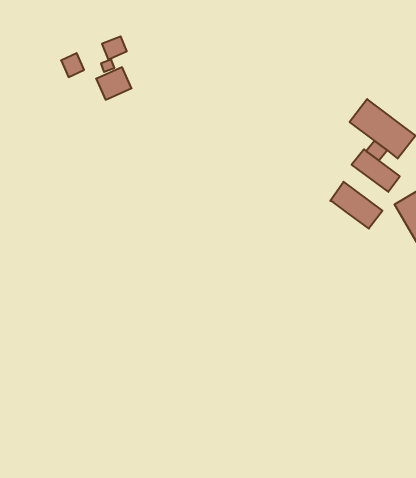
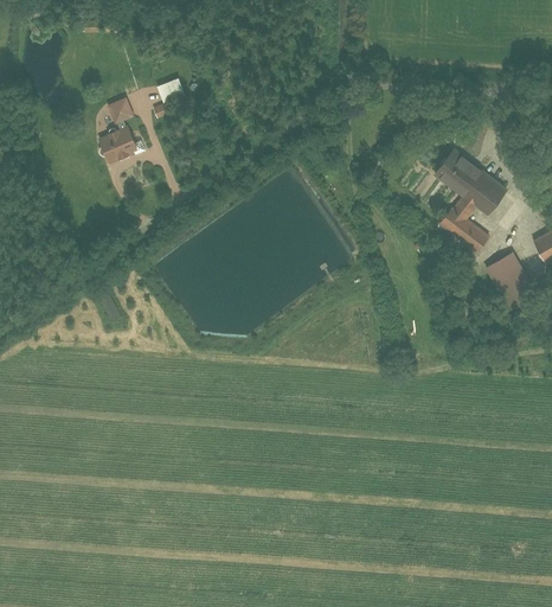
building: [96,67,132,100] -> [97,127,137,164]
building: [330,182,382,229] -> none

